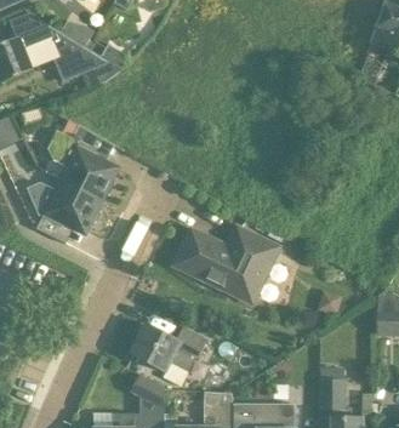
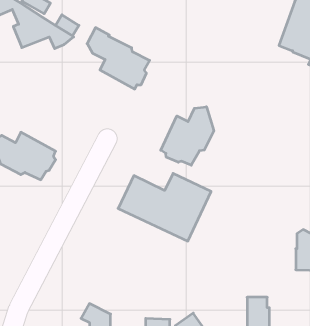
building: [46,129,118,199] -> [87,28,150,89]
building: none -> [161,107,214,165]
building: [130,323,207,384] -> none

